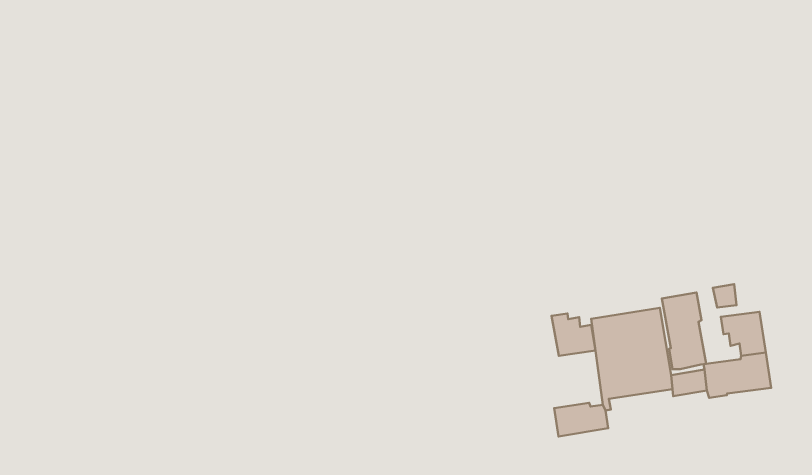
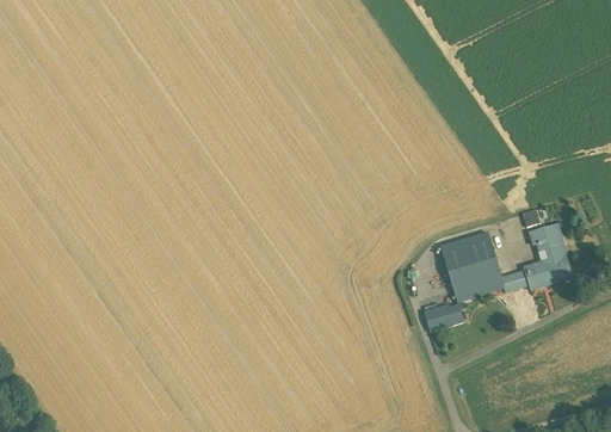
building: [662,292,706,369] -> none
building: [552,313,595,356] -> none

